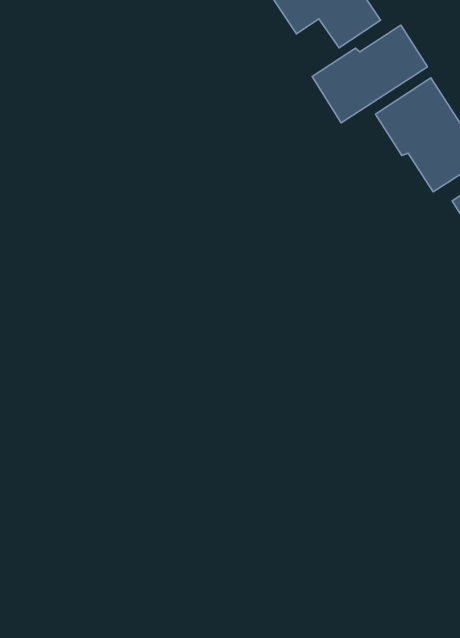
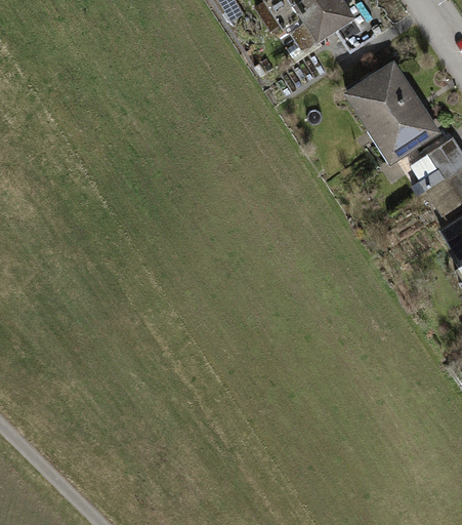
building: [312,25,428,123] -> none

